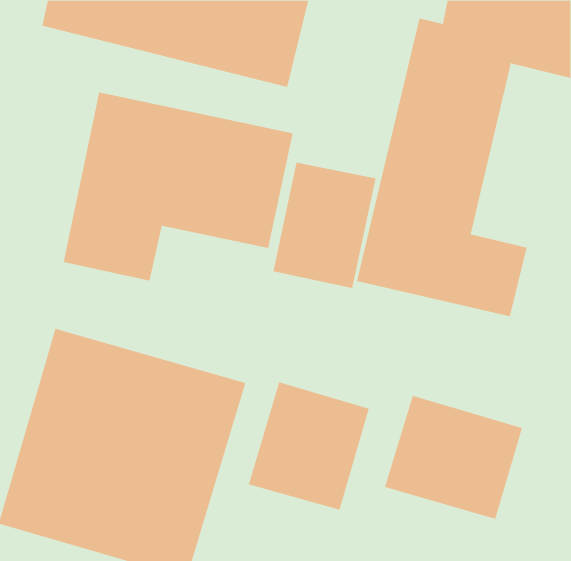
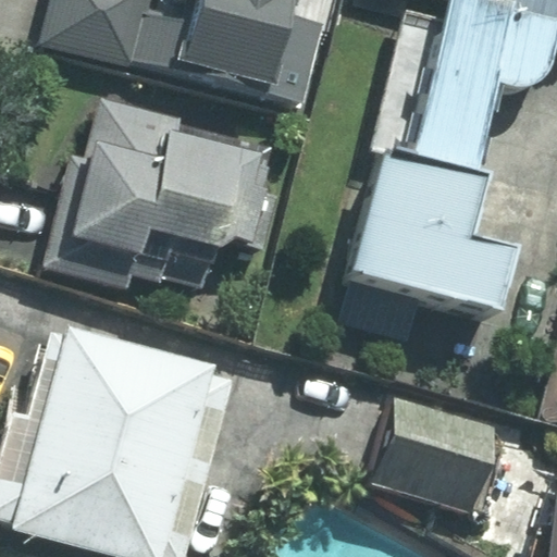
building: [273,162,376,289] -> none
building: [248,382,370,511] -> none

